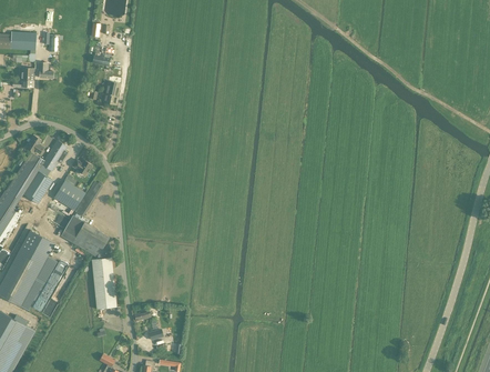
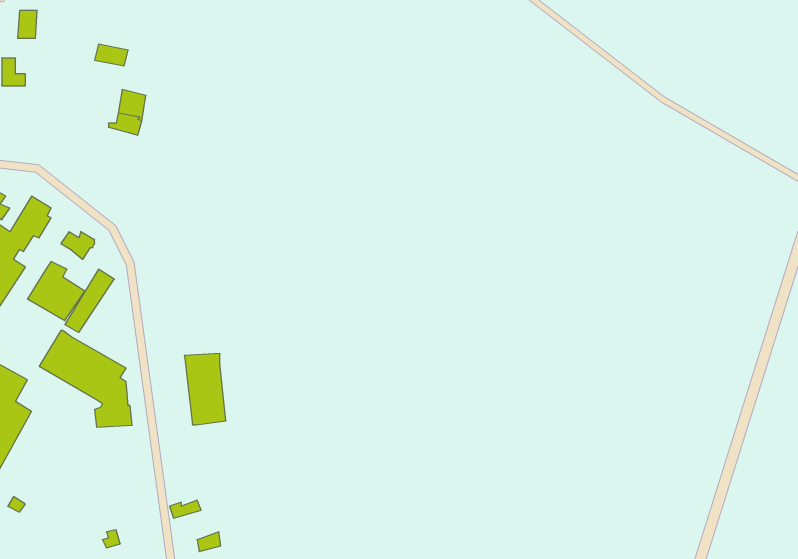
building: [92,269,115,309] -> [184,354,226,425]

